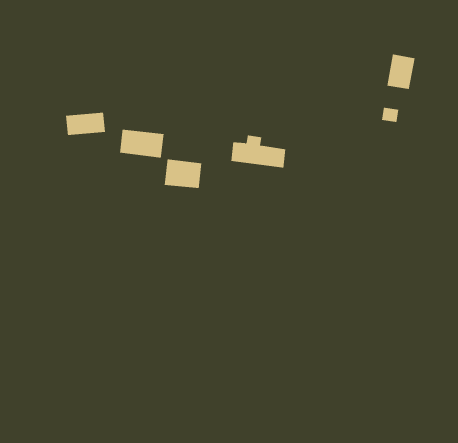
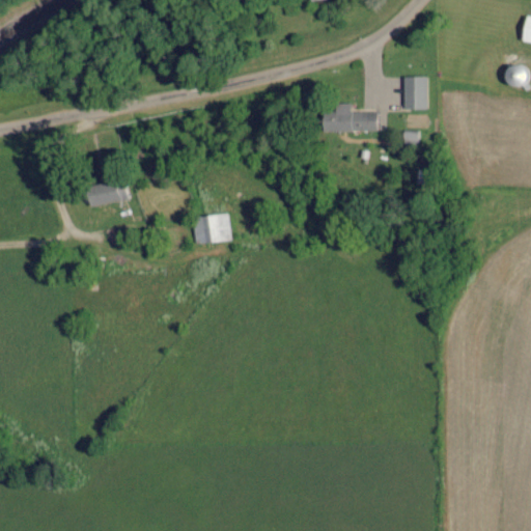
building: [119,129,164,158] -> none
building: [231,135,286,168] -> [322,104,378,133]

